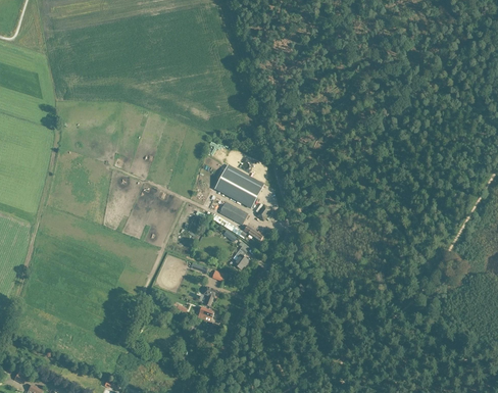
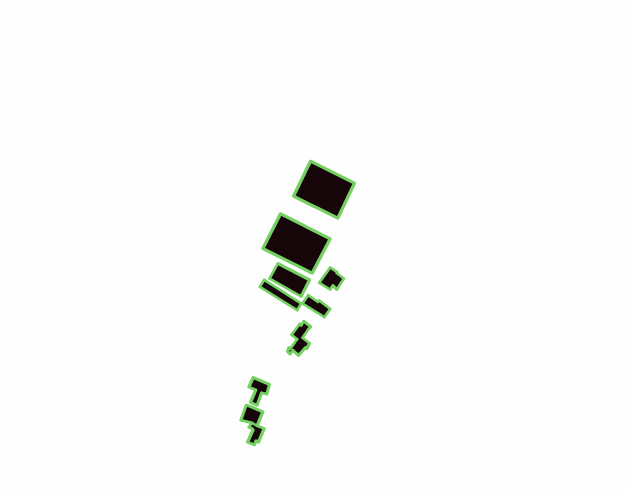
building: none -> [293,161,355,218]

